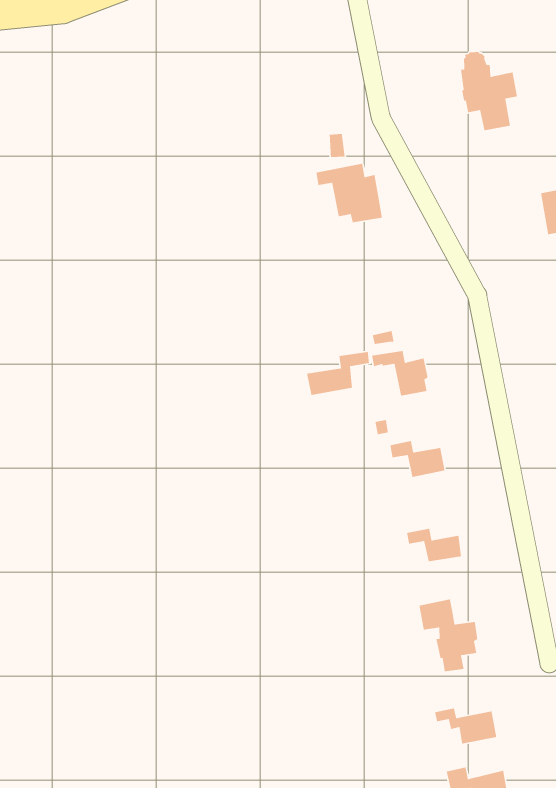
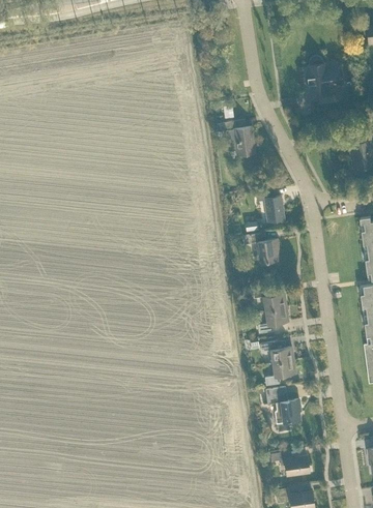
building: none -> [255,190,284,222]
building: [306,351,370,396] -> none
building: none -> [257,309,287,334]
building: none -> [264,362,294,387]

